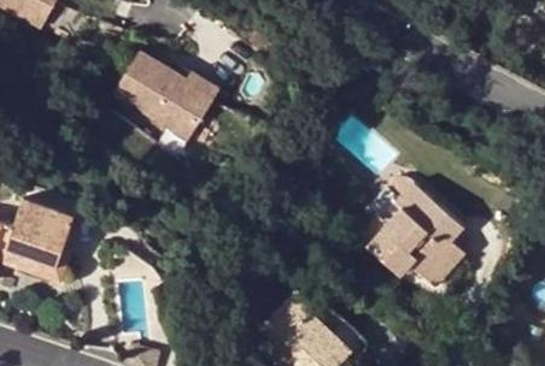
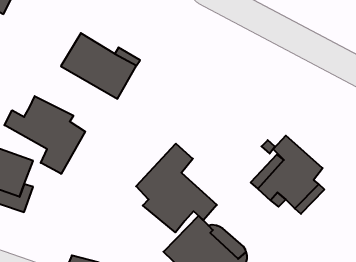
building: none -> [4,96,85,174]
building: none -> [136,144,217,232]

